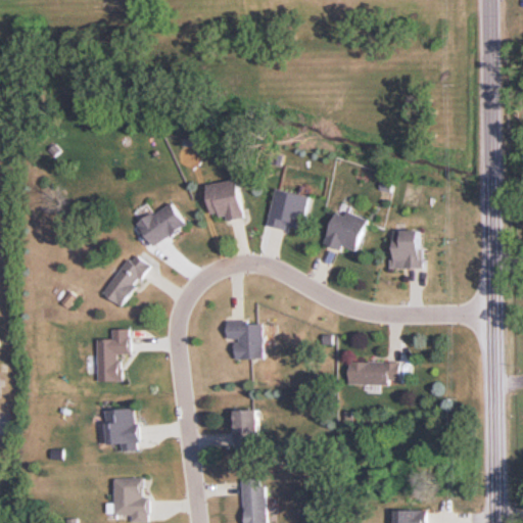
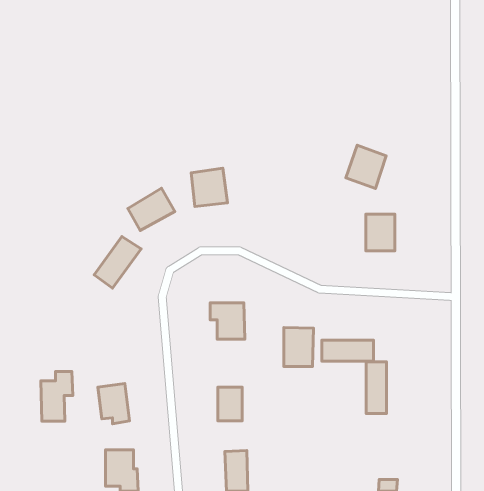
building: [266,188,307,231] -> none
building: [323,207,366,253] -> [346,145,386,188]
building: [95,328,129,381] -> [41,371,73,421]
building: none -> [284,327,313,366]
building: none -> [366,362,386,414]

